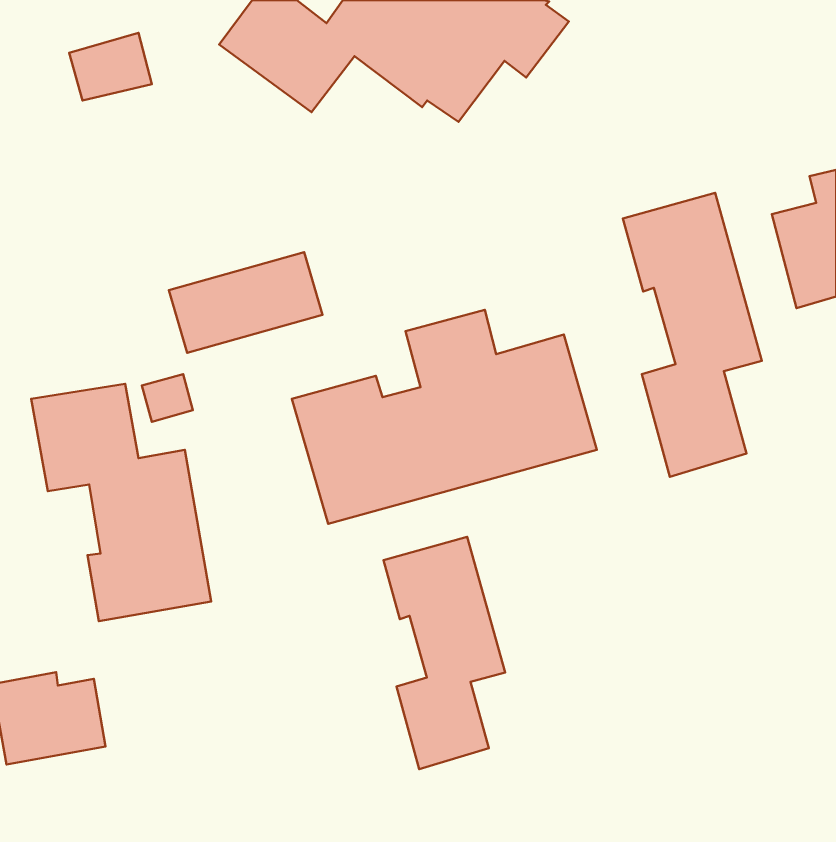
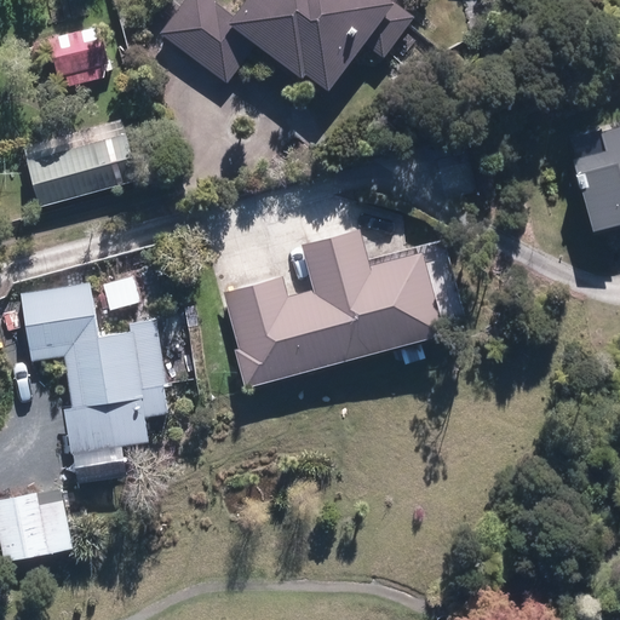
building: [623,193,762,477] -> none
building: [169,252,322,353] -> [29,133,142,207]
building: [383,537,505,769] -> none

